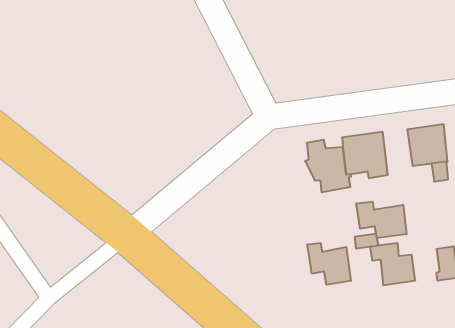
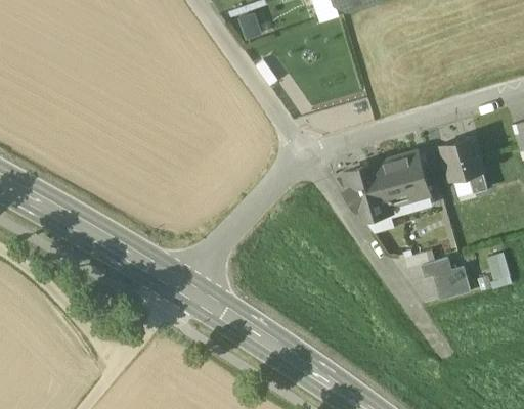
building: [356,202,407,238] -> none
building: [307,243,351,285] -> none

